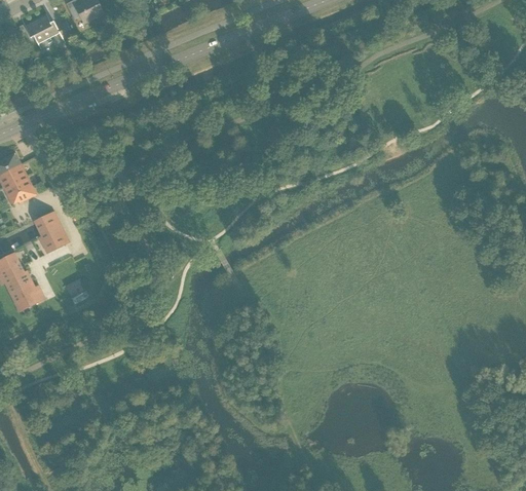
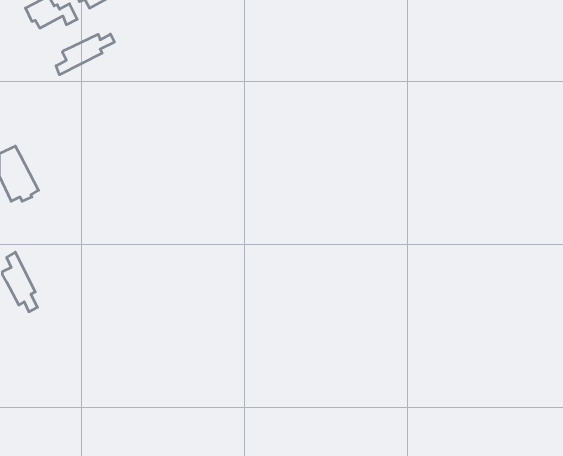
building: none -> [56,34,114,75]
building: [33,211,69,254] -> none

